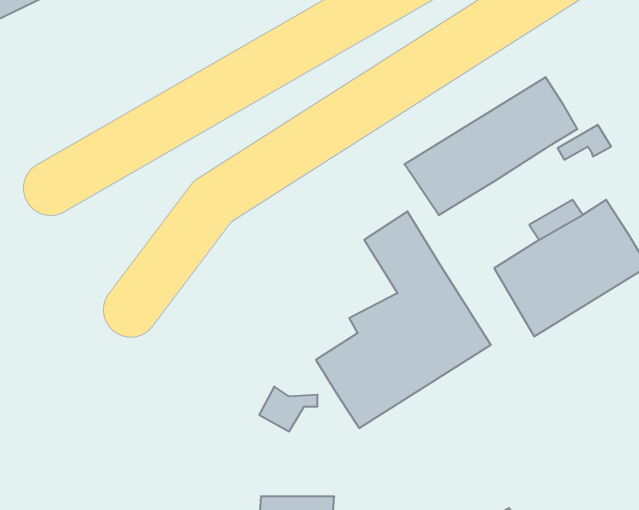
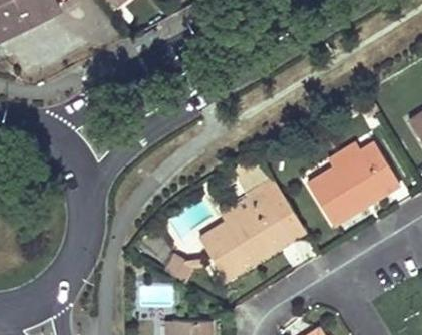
building: [404,77,577,215] -> none

